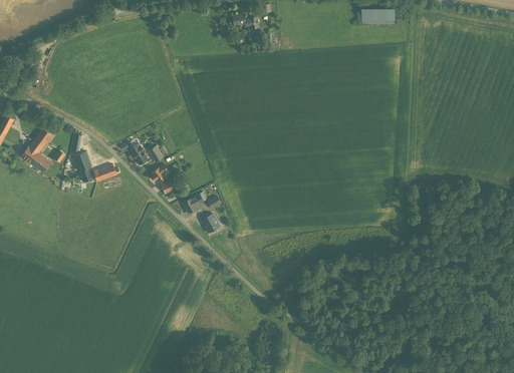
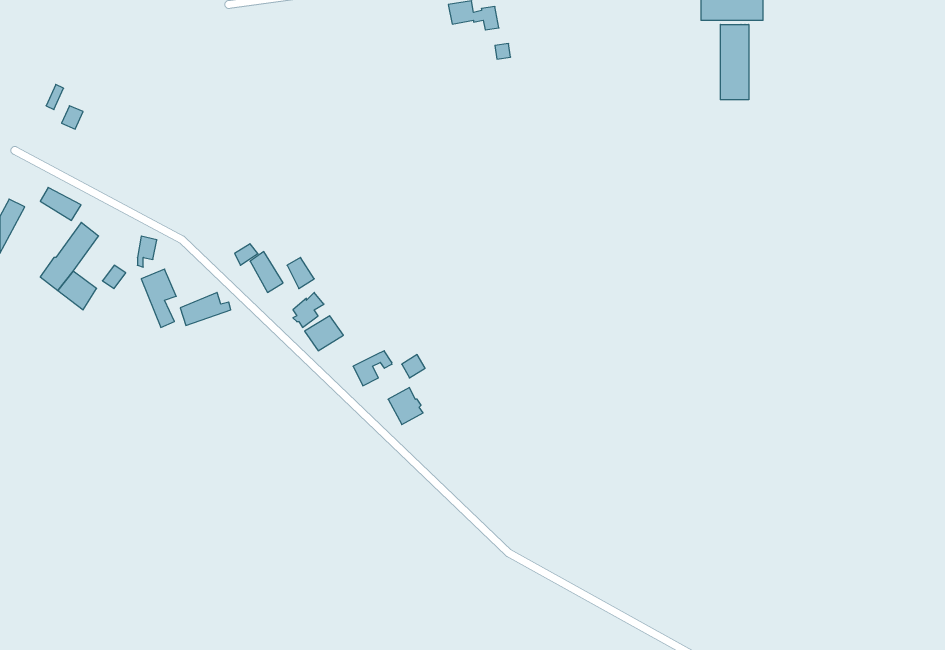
building: none -> [720,24,749,100]

